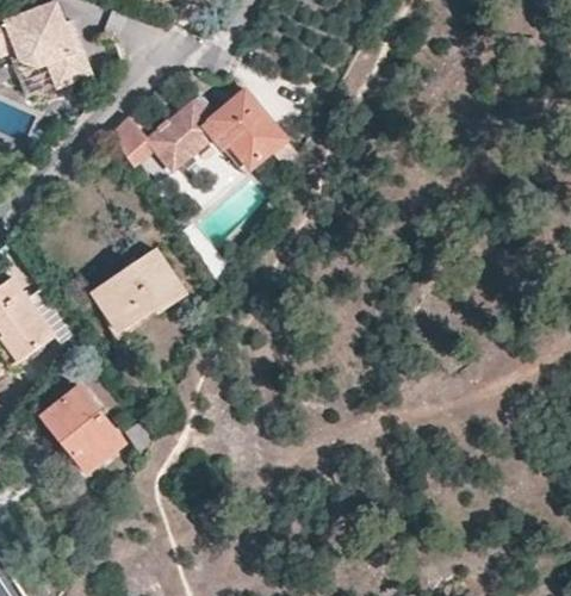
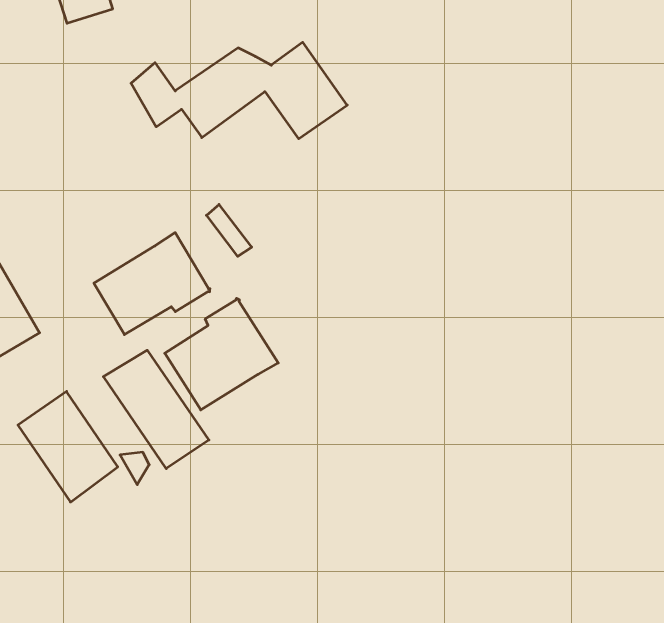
building: none -> [165,298,278,410]
building: none -> [103,350,209,469]

